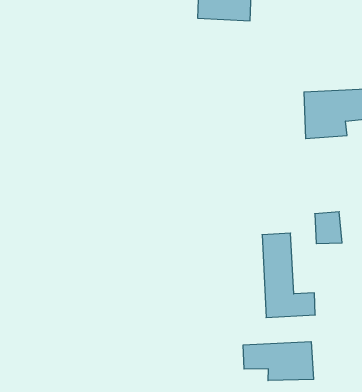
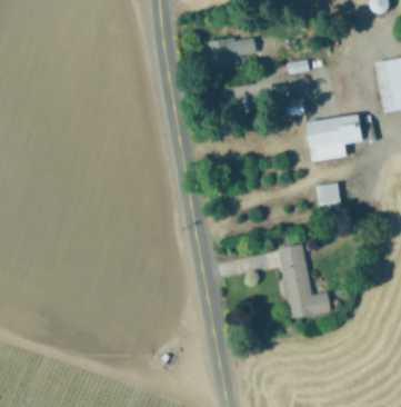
building: [315,212,342,244] -> [315,181,341,210]
building: [243,342,314,381] -> none

